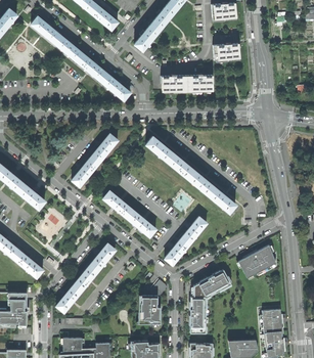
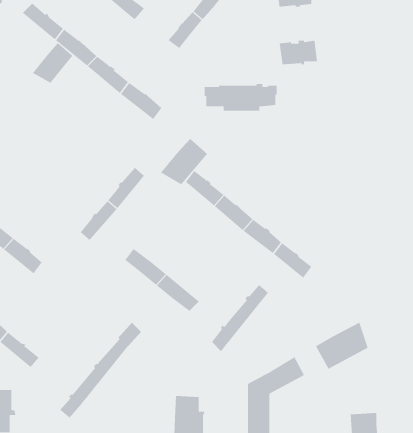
building: none -> [32,42,73,83]
building: none -> [160,138,208,185]

